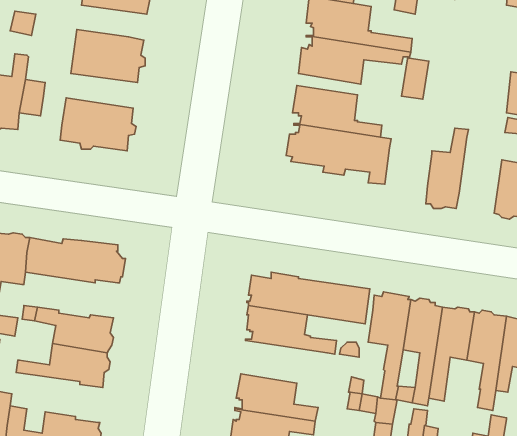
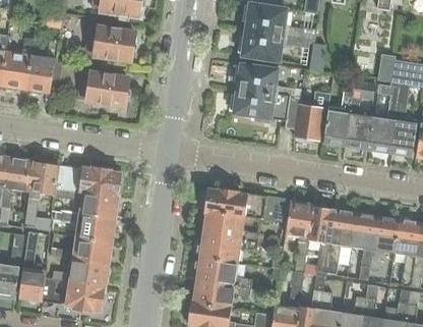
building: none -> [344,79,375,150]
building: none -> [295,92,329,144]
building: none -> [54,188,118,219]
building: none -> [199,234,257,263]
building: none -> [45,256,108,289]

